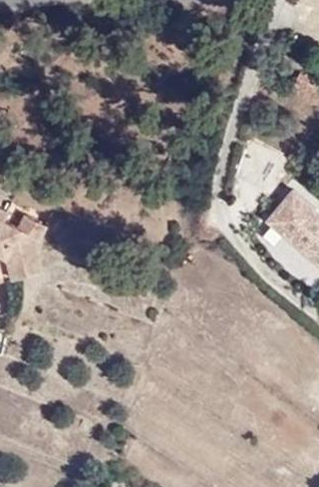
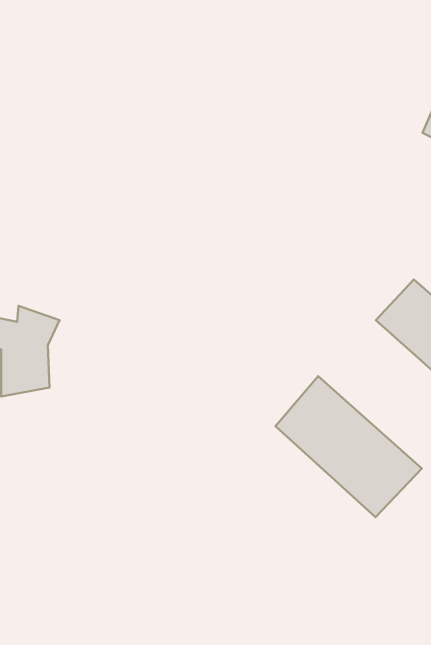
building: none -> [276,376,422,517]

